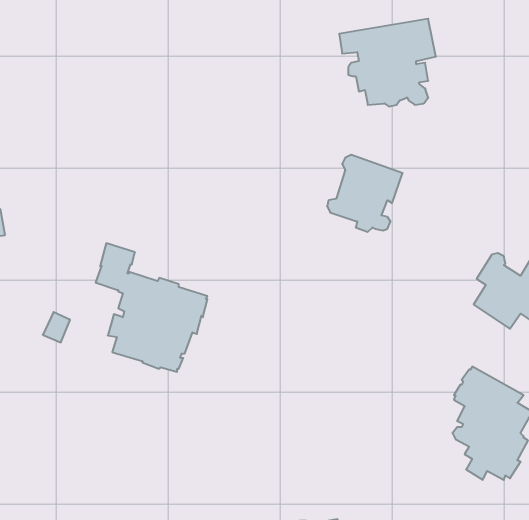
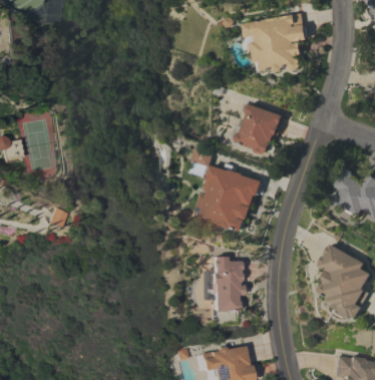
building: [96,243,207,372] -> [189,145,263,231]
building: none -> [211,256,242,311]

